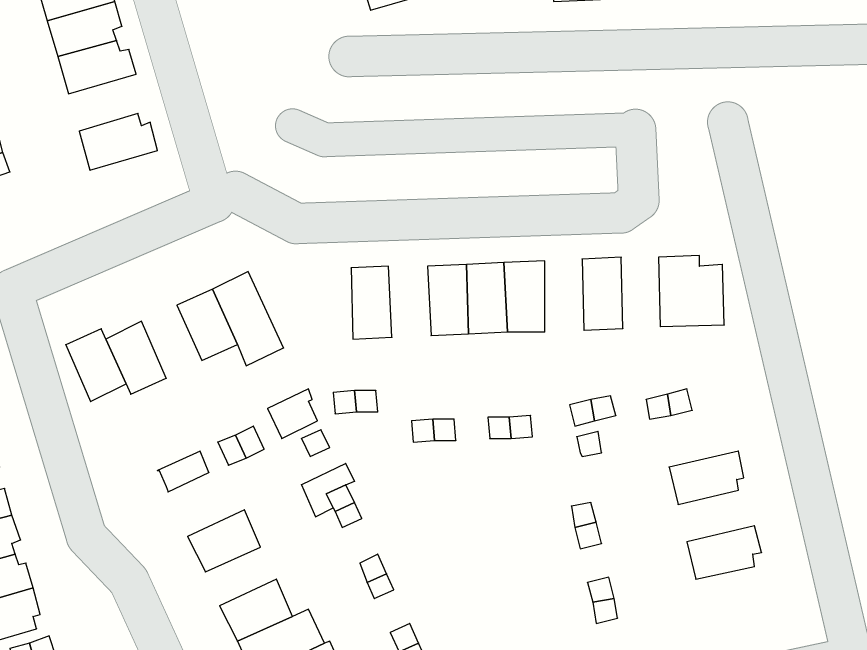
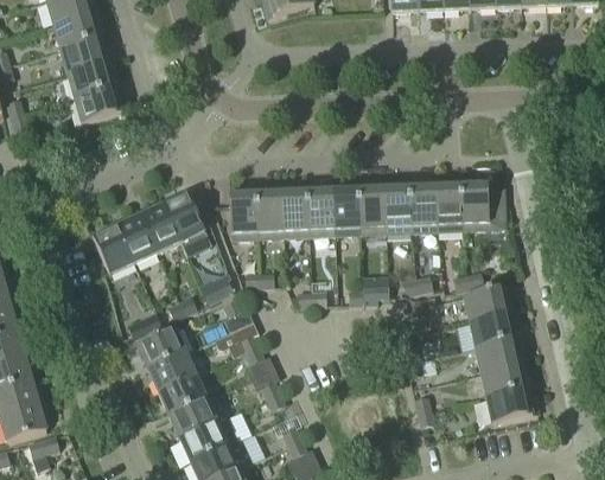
building: none -> [66,59,116,97]
building: none -> [435,181,461,229]
building: none -> [384,183,410,231]
building: none -> [280,187,308,235]
building: none -> [228,188,256,236]
building: [66,329,126,402] -> [115,213,155,262]
building: none -> [461,286,514,321]
building: none -> [135,326,184,367]
building: none -> [473,337,524,371]
building: none -> [158,375,205,414]
building: none -> [485,388,536,422]

